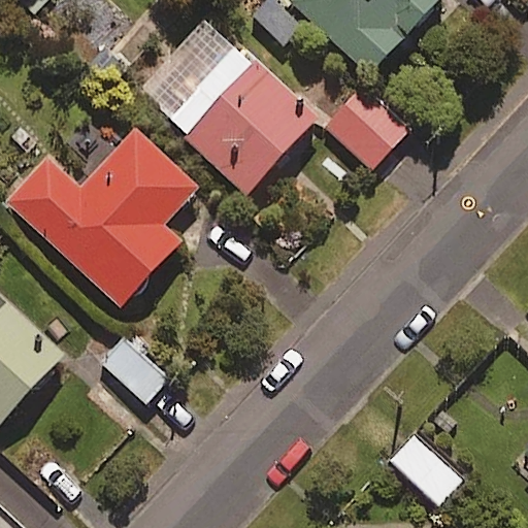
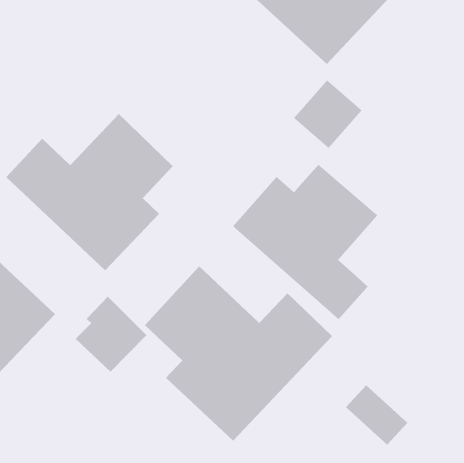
building: [137,13,317,193] -> none
building: none -> [232,164,378,320]
building: none -> [144,266,333,442]

